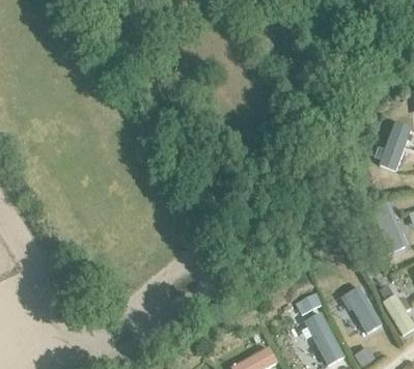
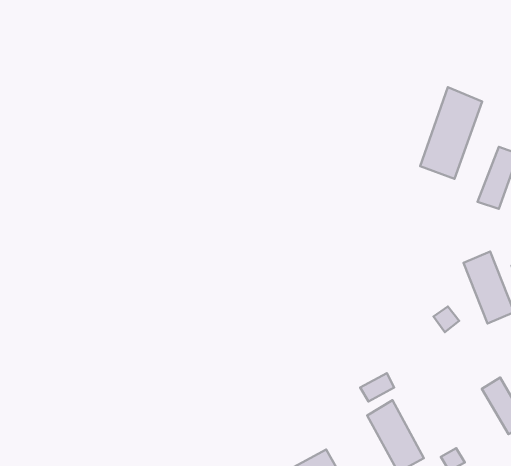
building: none -> [420,87,482,179]
building: [339,284,383,336] -> none

